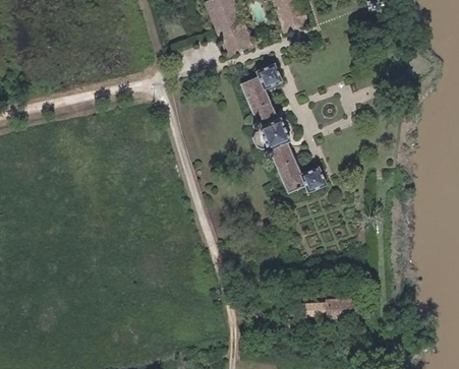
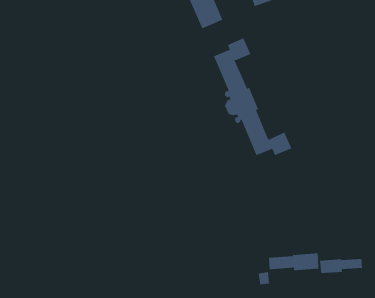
building: none -> [320,258,363,274]

